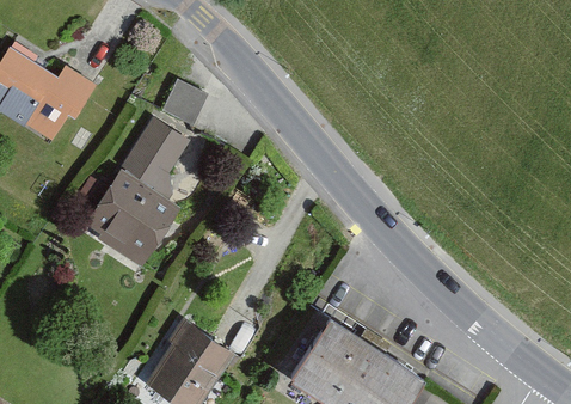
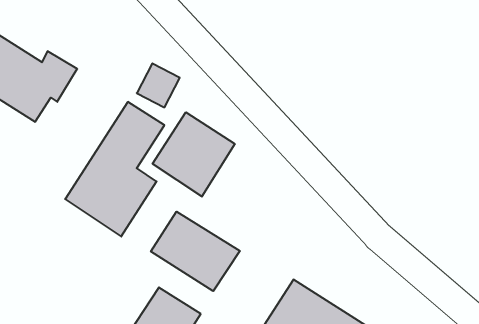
building: none -> [153,112,235,197]
building: none -> [151,212,240,291]

